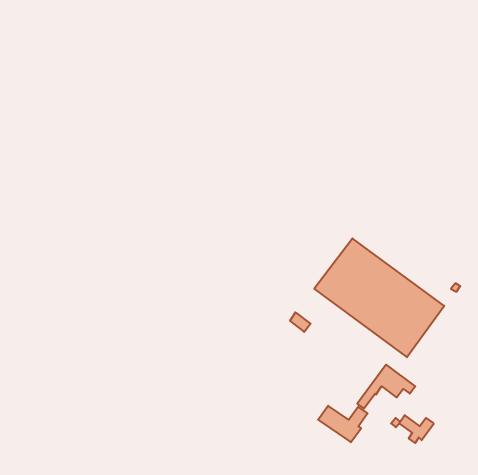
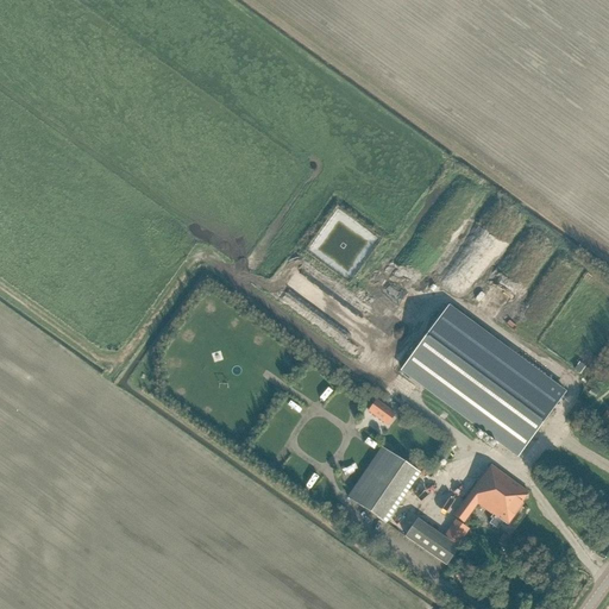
building: none -> [347,444,420,521]
building: [399,415,434,443] -> [478,491,522,527]

